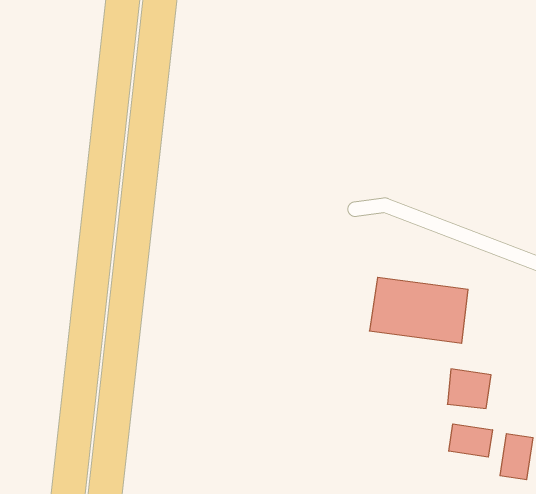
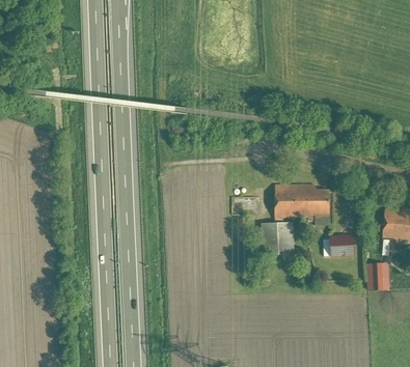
building: none -> [261,222,294,256]
building: [449,424,492,457] -> none

